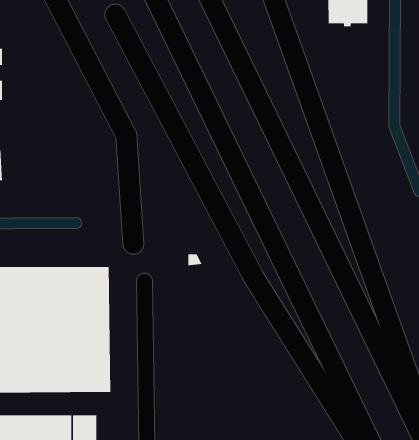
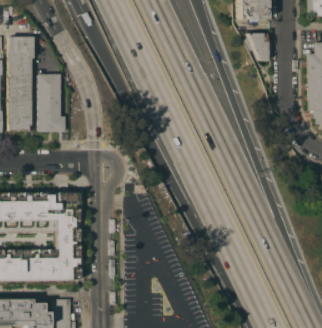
building: none -> [247,32,268,60]
building: none -> [8,36,33,130]
building: none -> [38,73,65,131]

